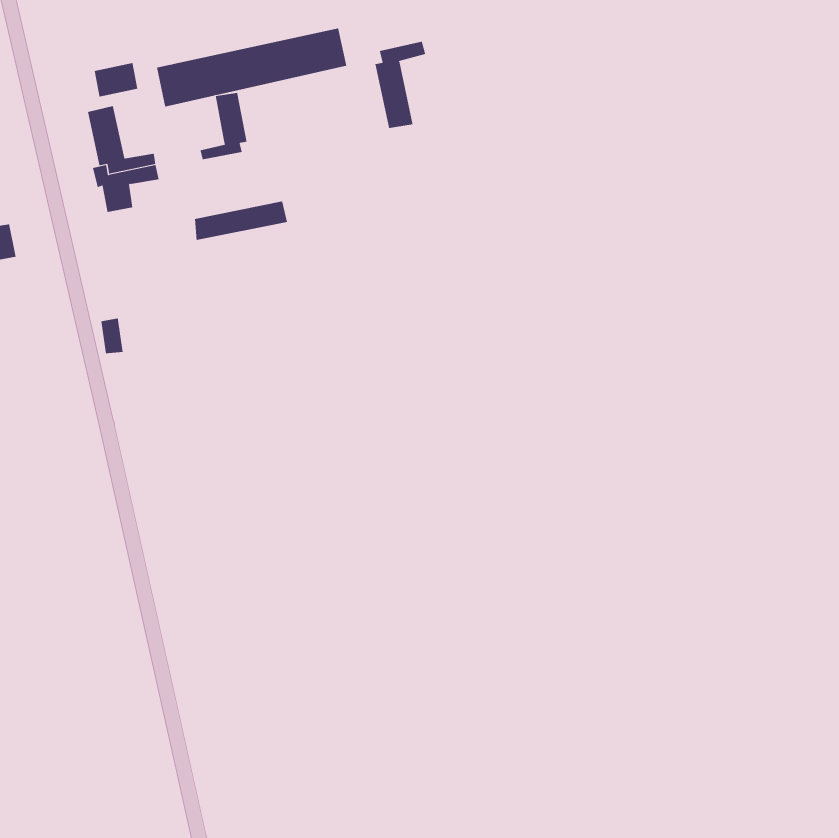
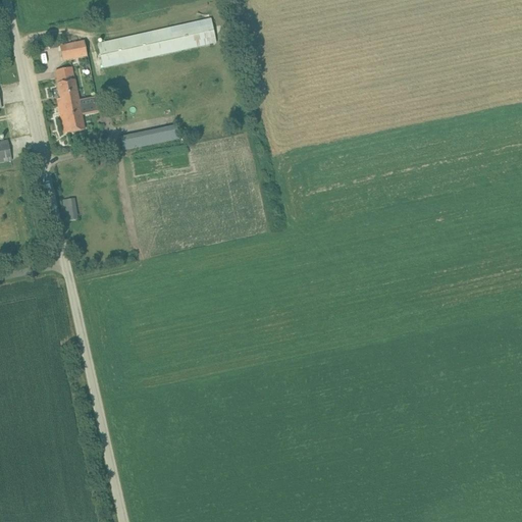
building: [369,41,426,129] -> none
building: [200,92,253,160] -> none

